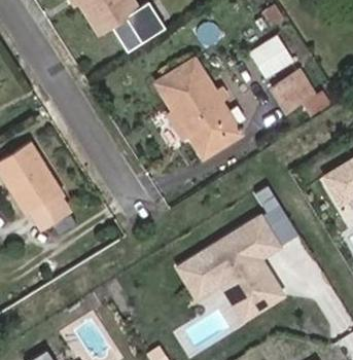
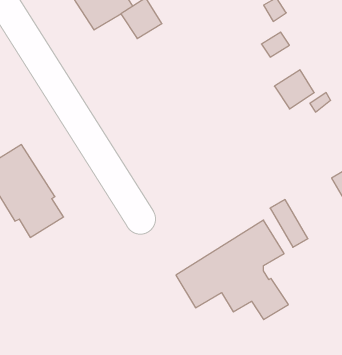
building: [156,59,240,156] -> none

